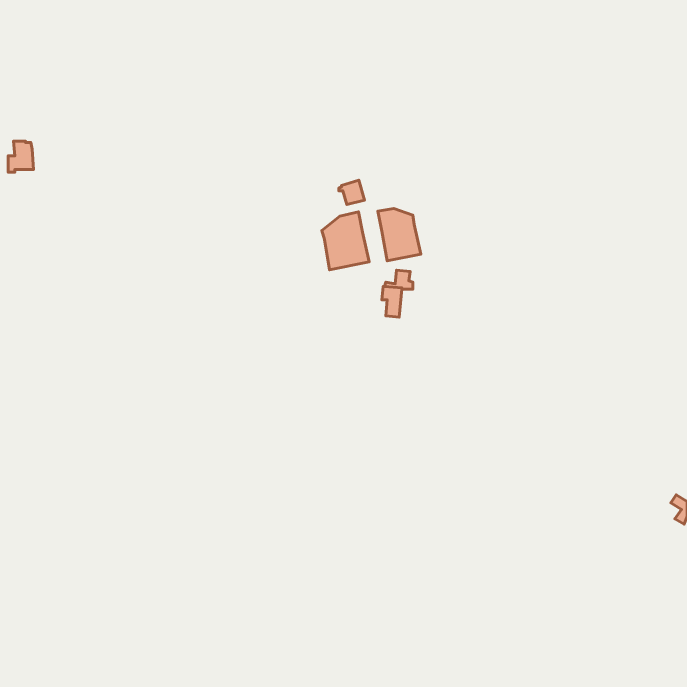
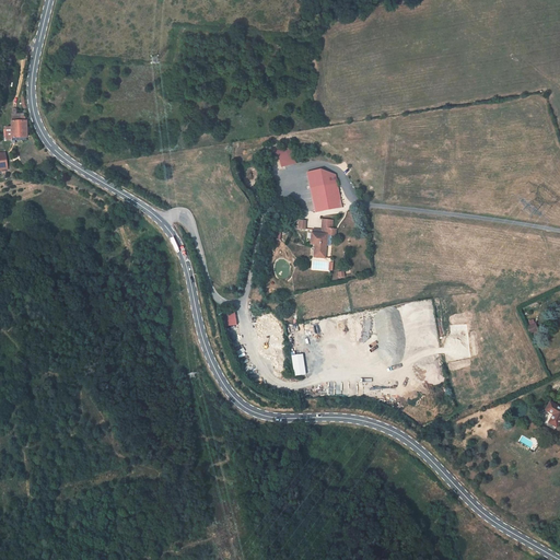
building: [322,212,369,270] -> none

